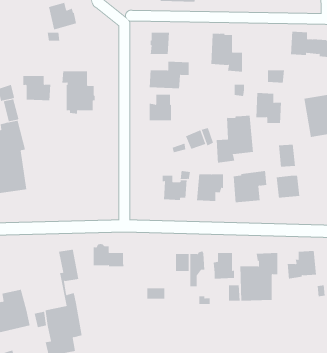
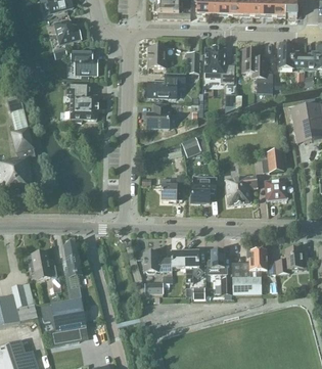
building: [22,75,51,101] -> [72,51,98,75]
building: [255,92,282,123] -> [242,48,267,77]
building: [216,115,253,164] -> none
building: [93,244,125,268] -> [143,248,173,271]
building: none -> [28,251,57,279]

